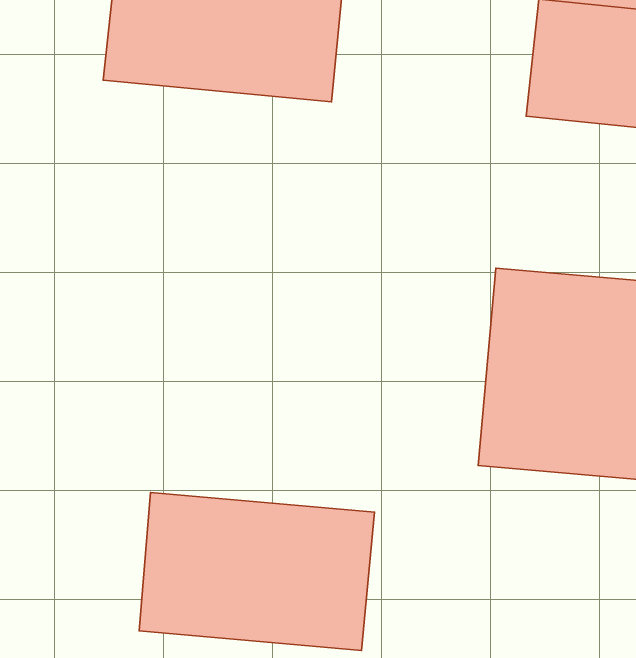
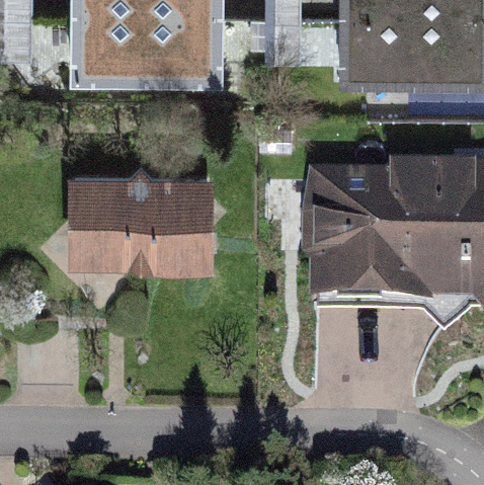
building: none -> [80,180,226,261]
building: [139,493,375,650] -> none

